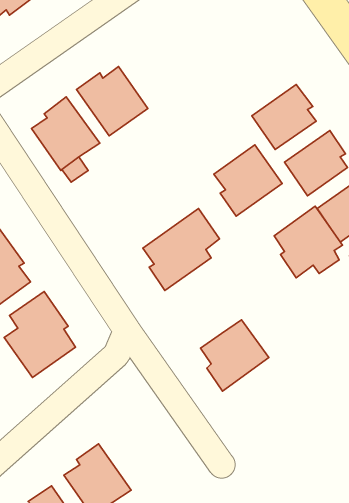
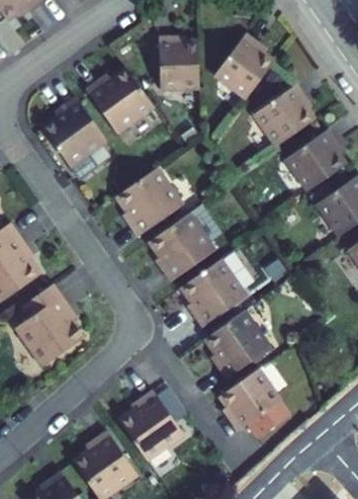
building: none -> [213,33,273,99]
building: none -> [157,35,198,89]
building: [214,145,282,216] -> [115,168,181,237]
building: [274,206,342,278] -> [180,259,246,328]
building: none -> [218,368,289,436]
building: none -> [117,390,183,461]

